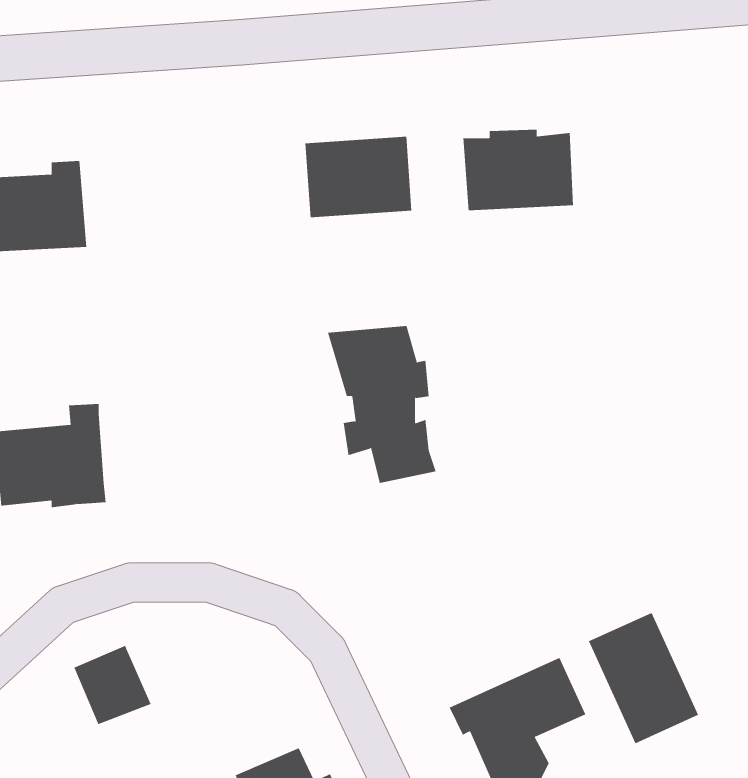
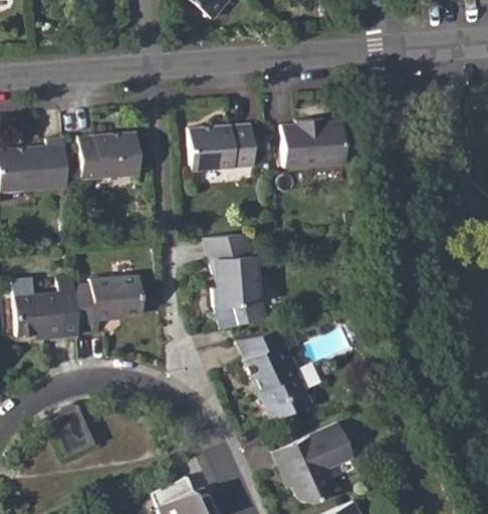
building: none -> [77,133,138,179]
building: none -> [72,272,140,324]
building: none -> [230,330,303,424]
building: [588,612,699,744] -> none

